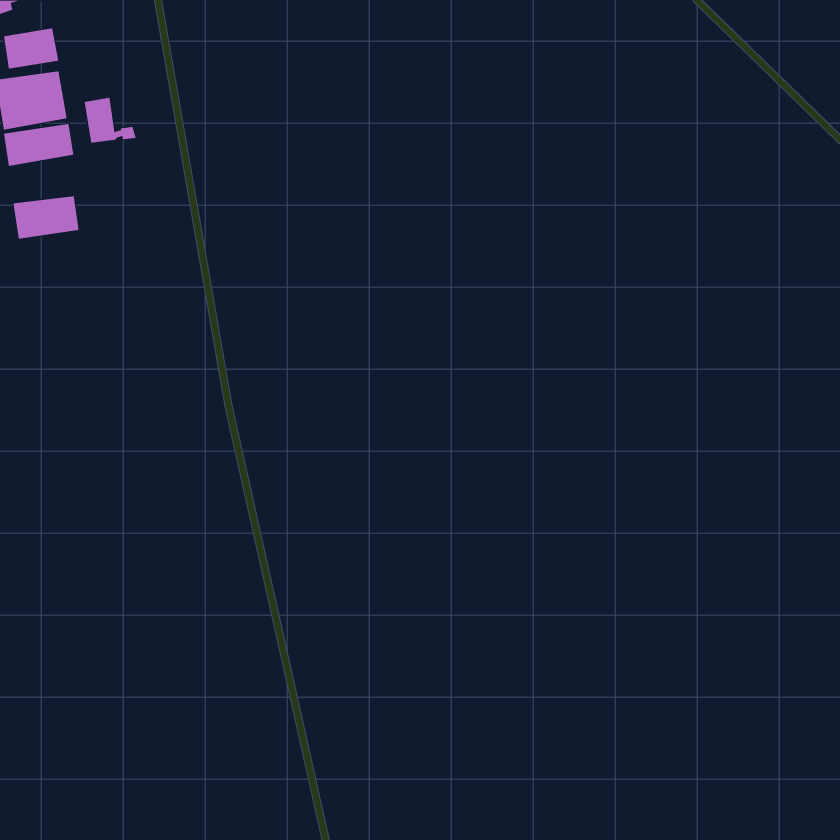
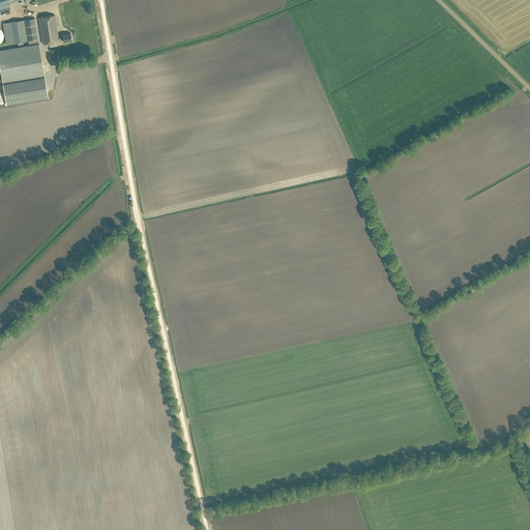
building: [84,97,137,143] -> [37,16,70,45]
building: [13,195,79,240] -> none

